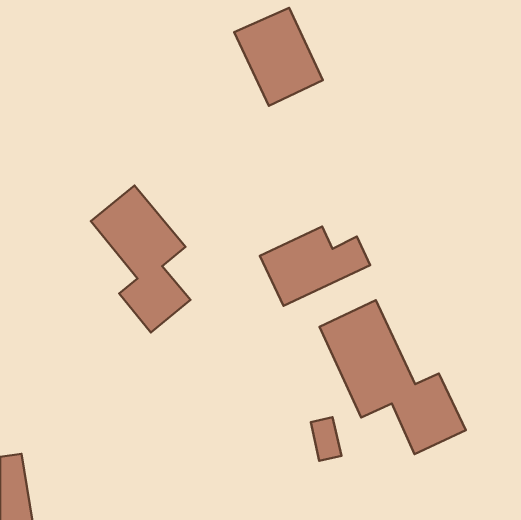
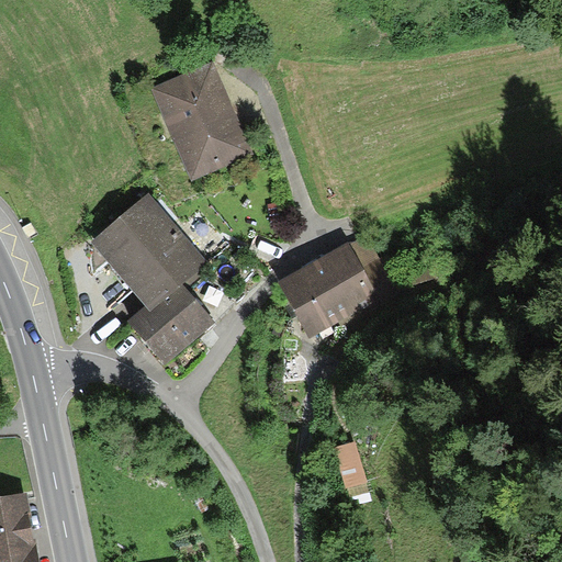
building: [234,8,323,106] -> [153,69,248,175]
building: [320,300,466,454] -> none

